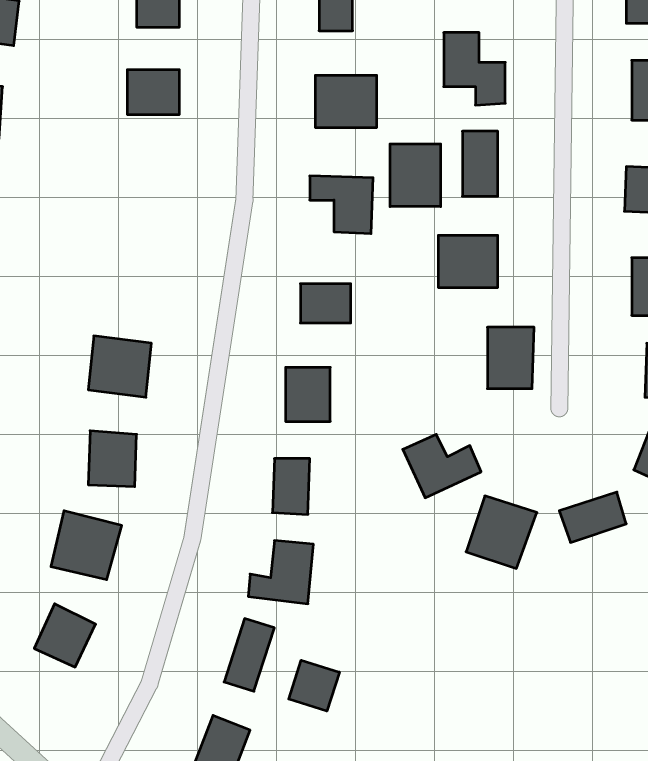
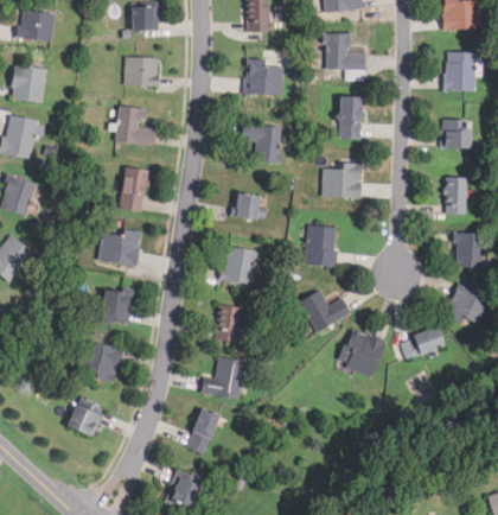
building: [390,144,441,207] -> none
building: none -> [116,106,155,146]
building: none -> [117,166,147,212]
building: [487,327,534,389] -> [307,225,337,265]
building: [289,660,339,711] -> none

